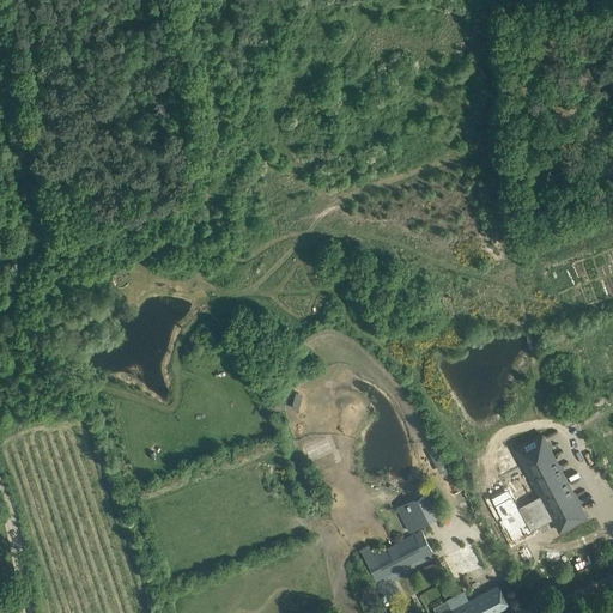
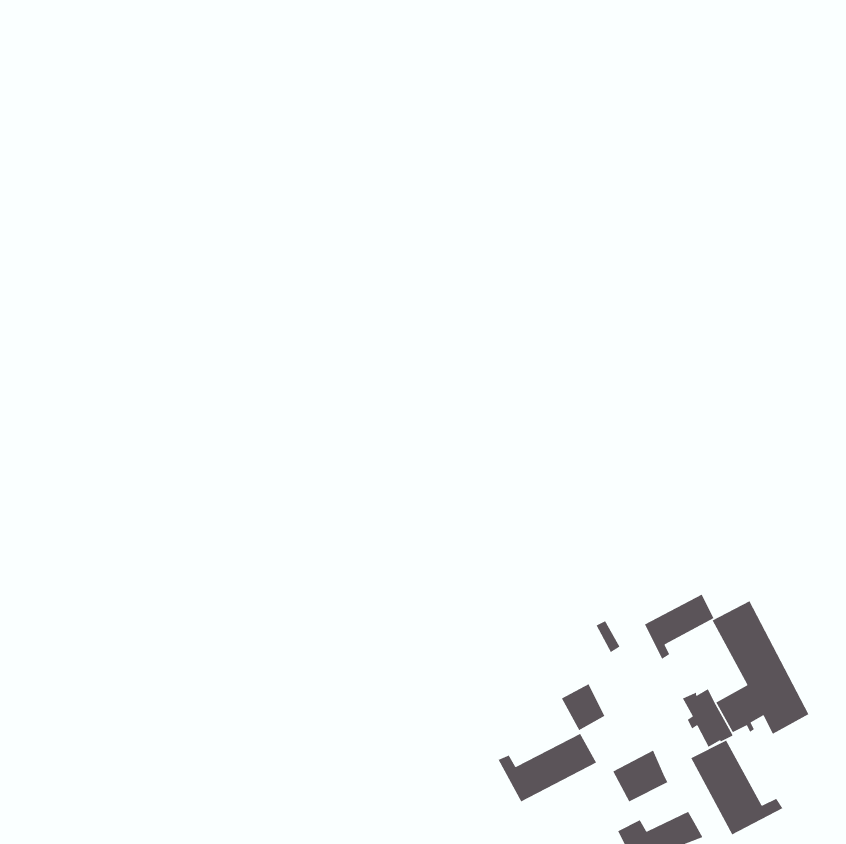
building: none -> [644,594,714,660]
building: none -> [690,740,783,835]

